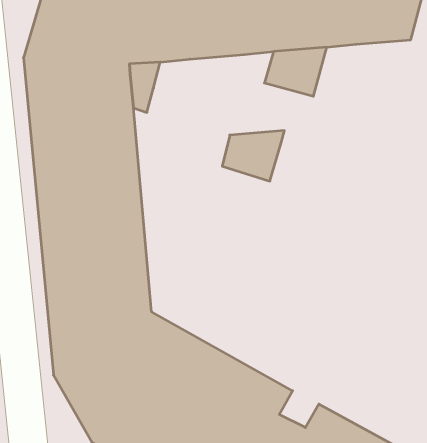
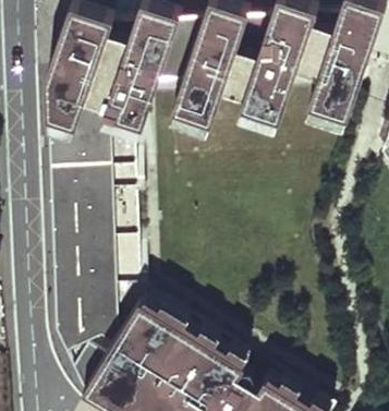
building: none -> [309,76,363,116]
building: [222,131,284,181] -> [174,81,227,121]

